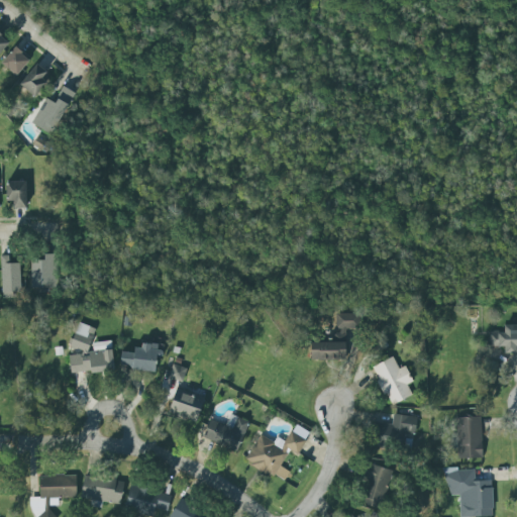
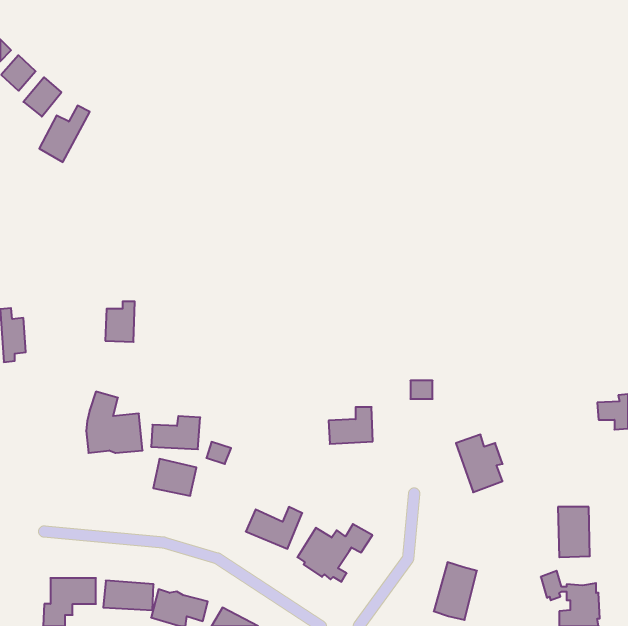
building: [6,180,25,207] -> none
building: [30,253,55,287] -> [105,301,135,342]
building: [312,330,348,360] -> [329,407,373,444]
building: [173,390,208,420] -> [153,459,196,496]
building: [378,414,419,441] -> none

